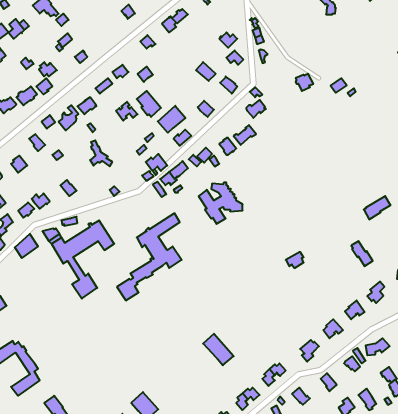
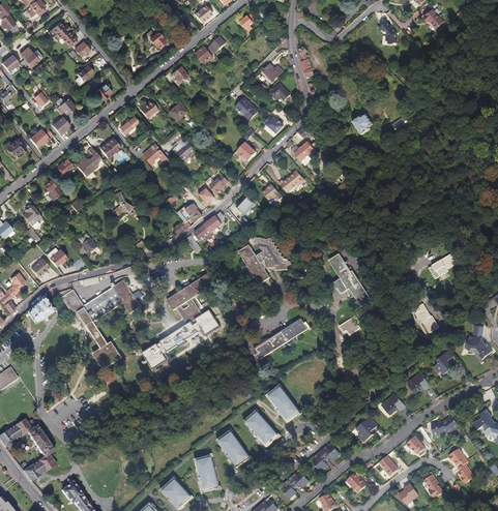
building: [158,106,185,133] -> none
building: none -> [328,253,370,306]
building: none -> [253,318,307,358]
building: none -> [266,385,300,422]
building: none -> [216,429,250,467]
building: none -> [195,454,219,491]

